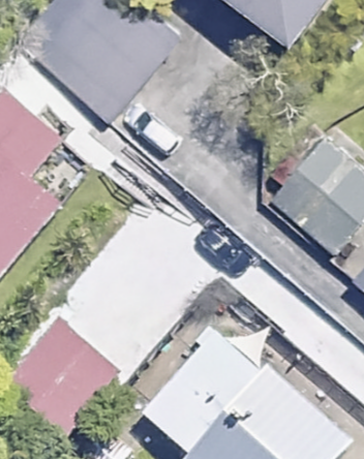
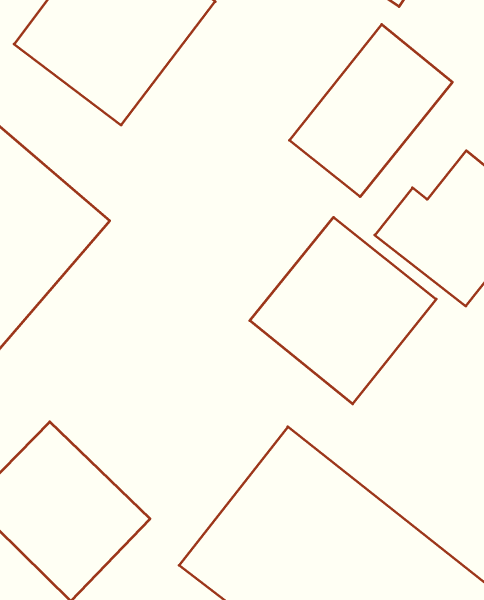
building: none -> [289,24,452,197]
building: none -> [250,217,436,404]

